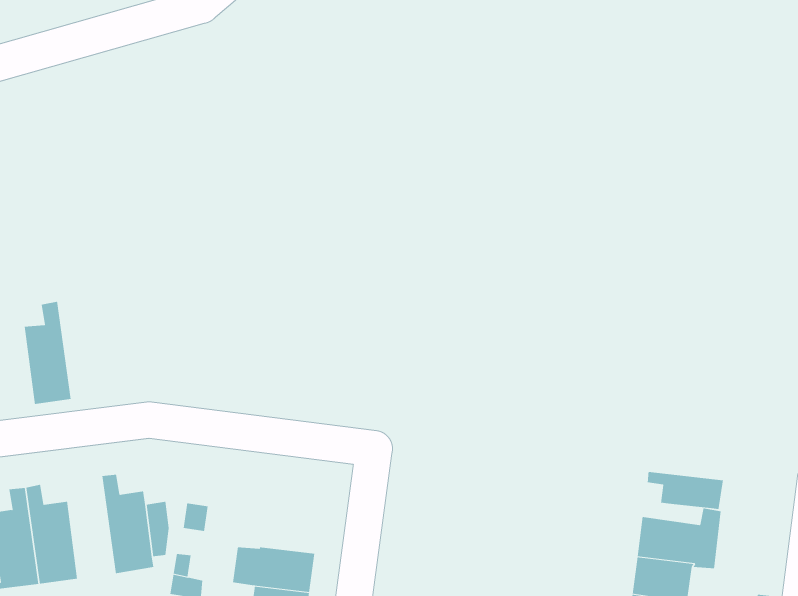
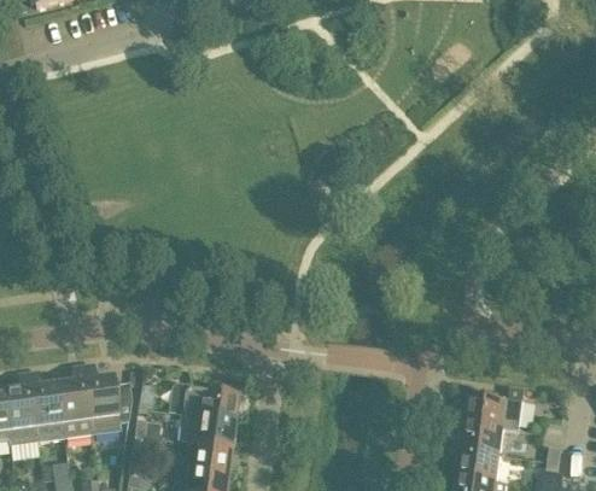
building: [24,301,71,404] -> [58,362,92,436]
building: [647,471,723,510] -> none
building: none -> [168,381,238,417]

